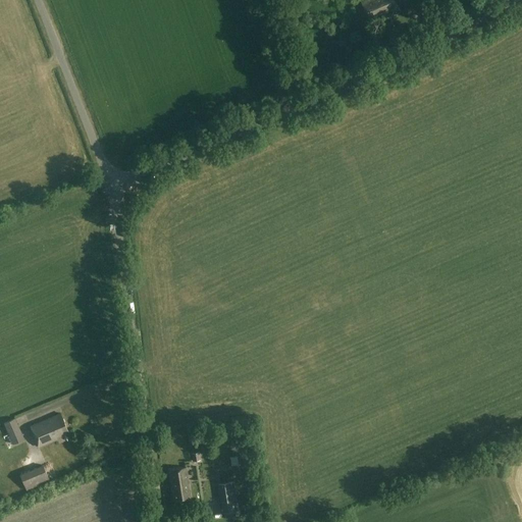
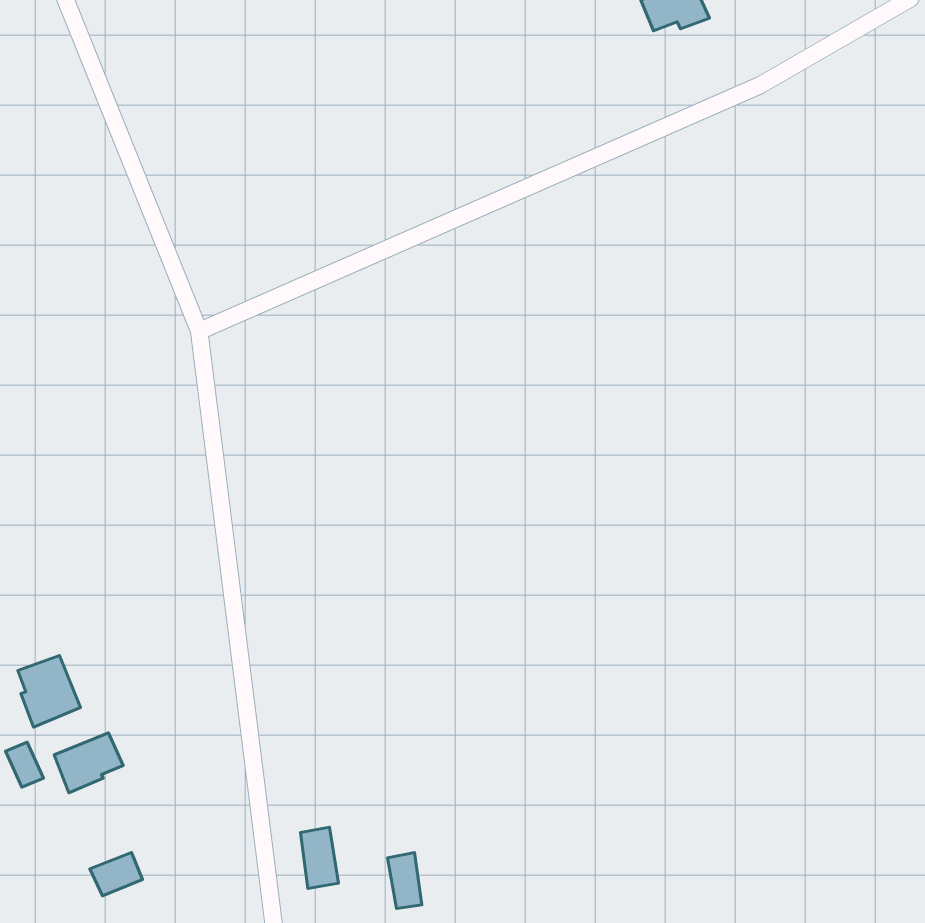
building: none -> [18,655,80,727]
building: [19,465,49,489] -> [90,852,142,896]

